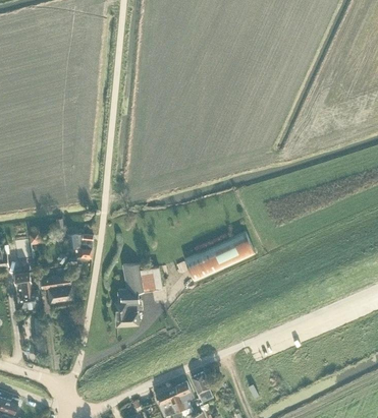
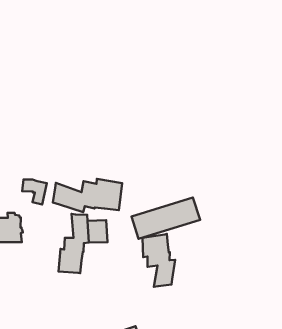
building: none -> [53,179,122,212]
building: none -> [142,234,175,287]

